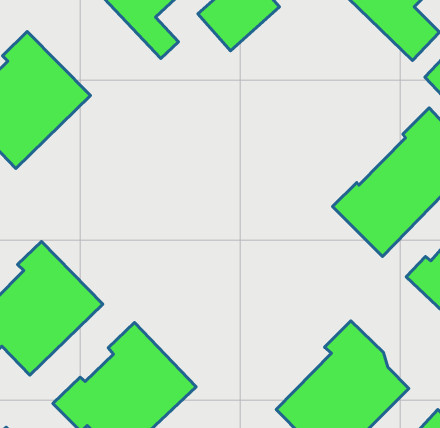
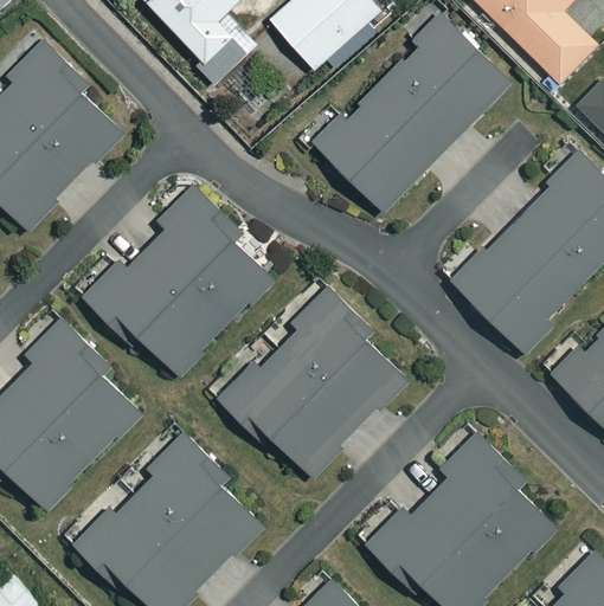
building: none -> [313,13,509,211]
building: none -> [83,187,271,374]
building: none -> [218,290,409,475]

